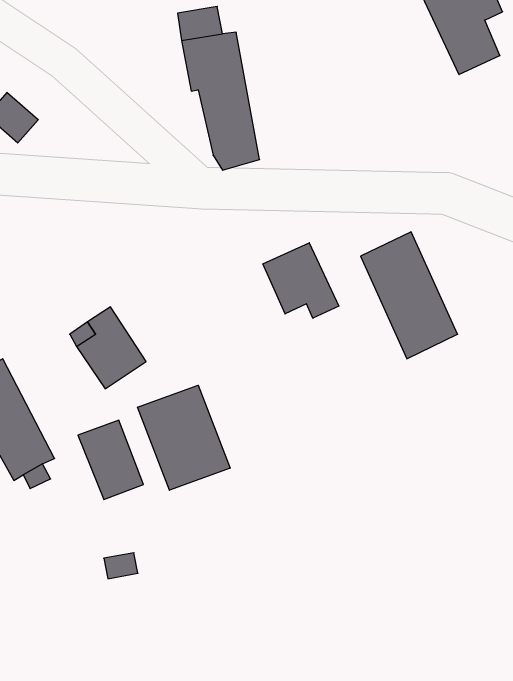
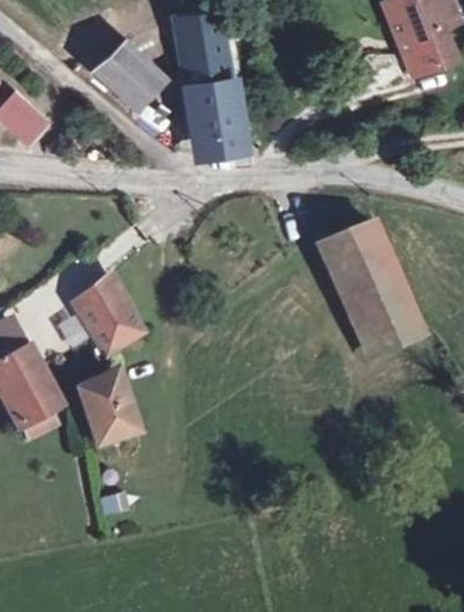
building: none -> [98,48,163,100]
building: [263,243,339,318] -> none
building: none -> [368,302,427,353]
building: [138,385,230,490] -> none

